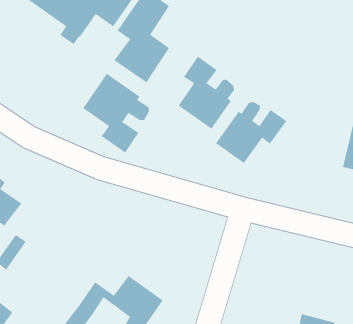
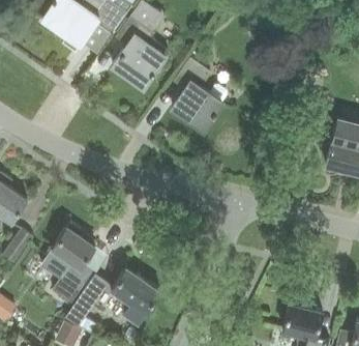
building: [82,73,150,153] -> none
building: [215,101,287,164] -> none
building: none -> [40,224,94,301]

